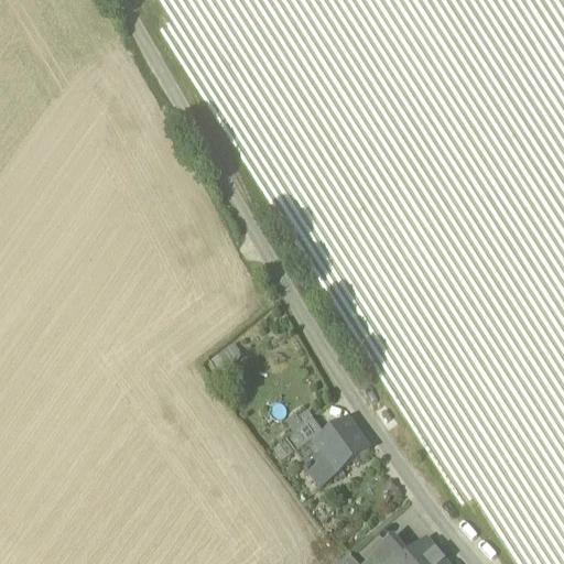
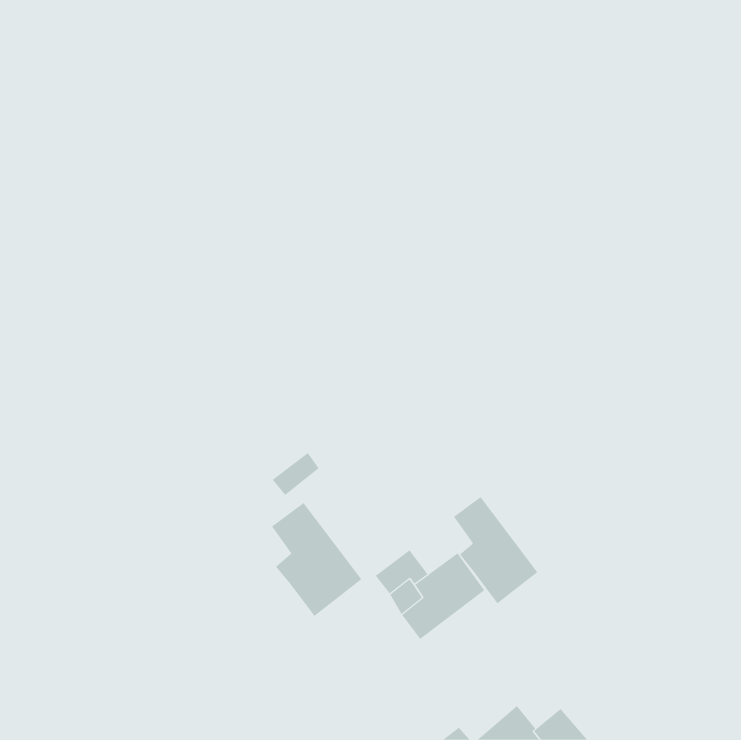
building: none -> [453,496,538,604]
building: none -> [271,502,362,617]

